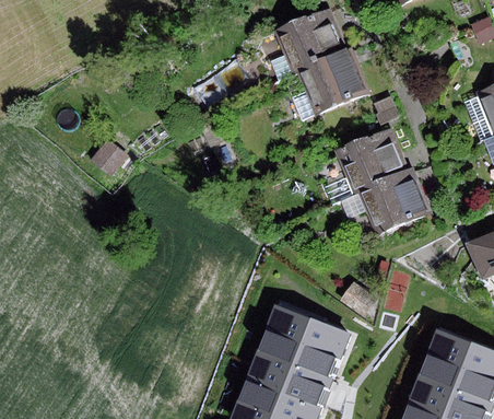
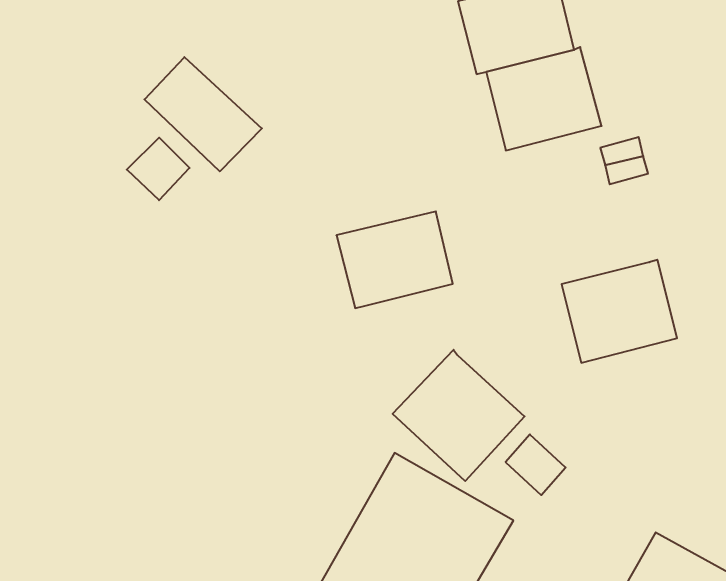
building: none -> [144,57,262,171]
building: [336,127,409,191] -> [336,211,453,308]
building: none -> [393,350,525,481]

